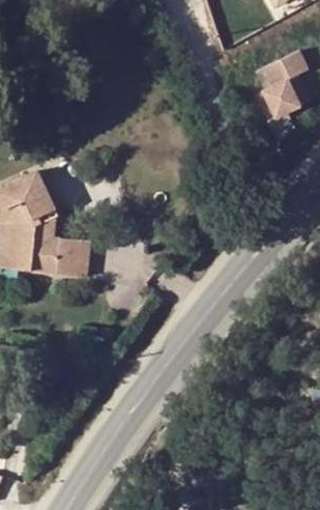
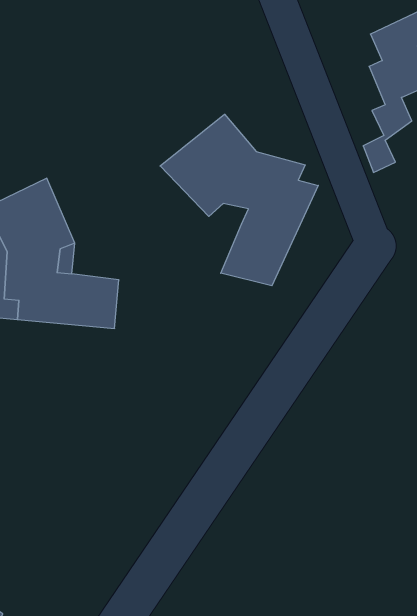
building: none -> [160,114,318,286]

